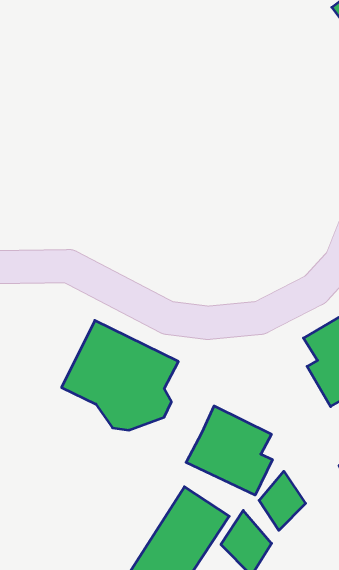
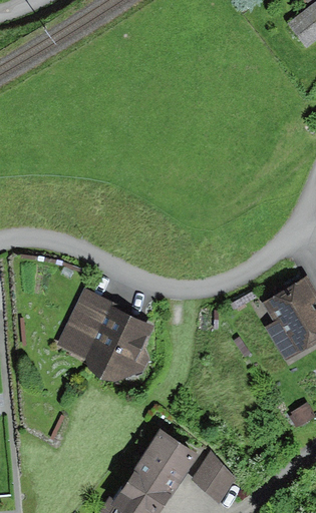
building: [186,406,272,495] -> none
building: [259,471,306,530] -> none

